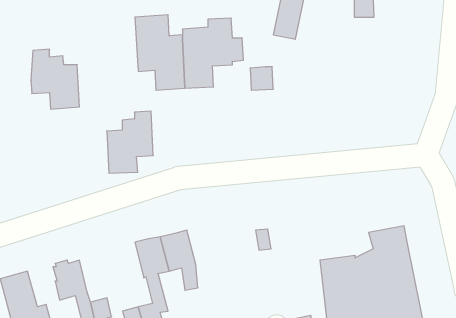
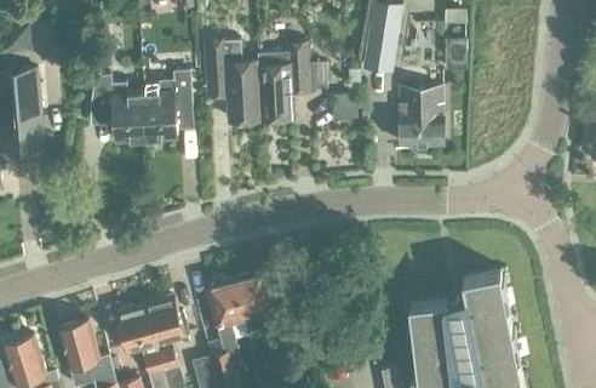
building: none -> [399,86,442,144]
building: [107,111,153,173] -> [142,72,193,139]
building: none -> [144,296,187,342]

